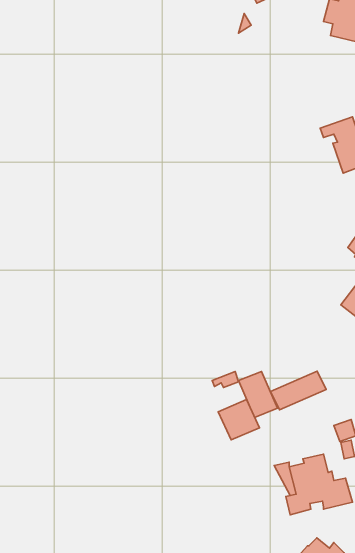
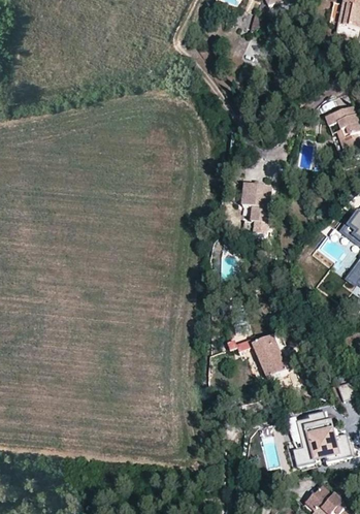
building: none -> [242,180,271,230]
building: [270,371,326,410] -> none
building: [218,399,259,440] -> none

